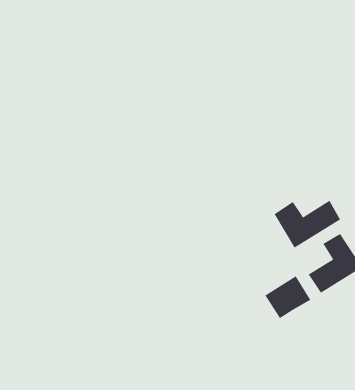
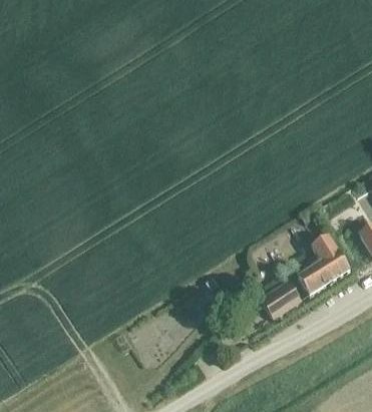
building: [274,200,341,249] -> none

